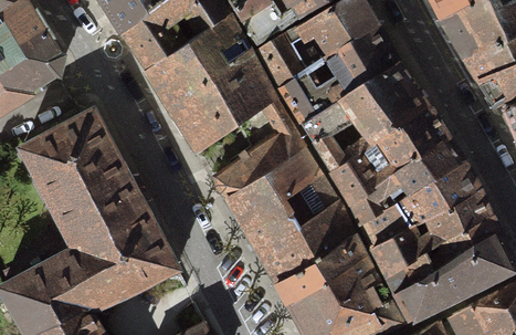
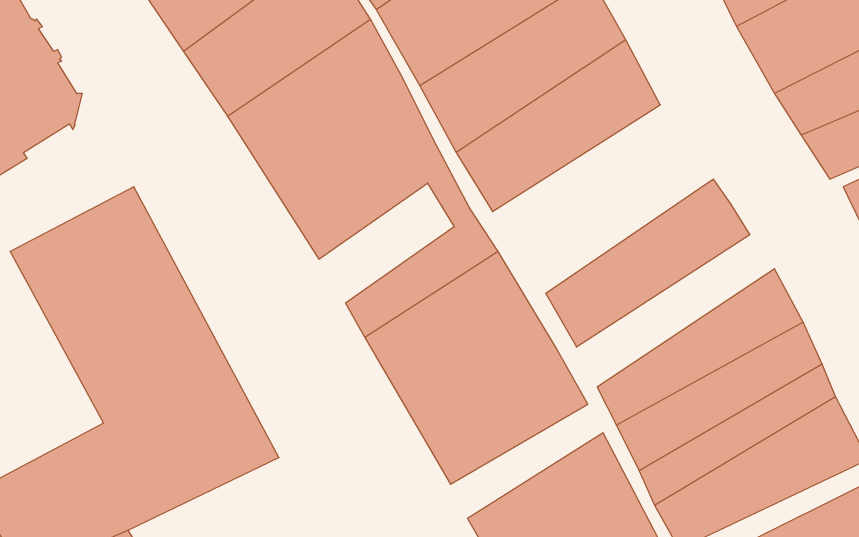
building: [299,63,428,172] -> none
building: [348,138,463,227] -> none
building: [275,237,364,303] -> none

